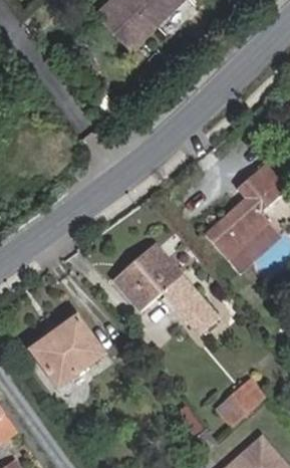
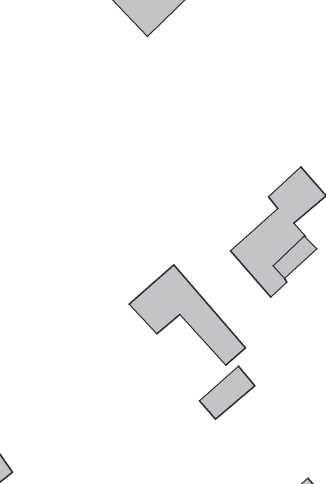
building: [35,316,103,388] -> none
building: [216,380,264,426] -> [199,366,255,419]

